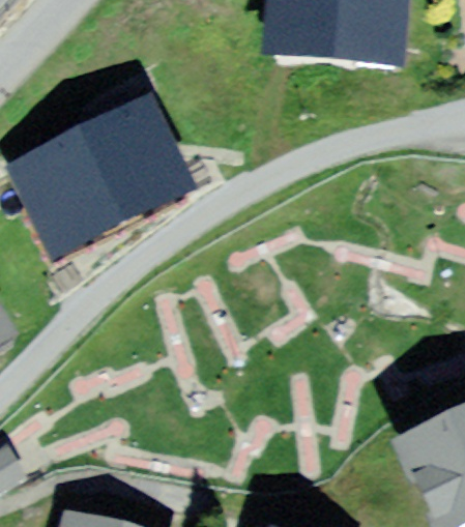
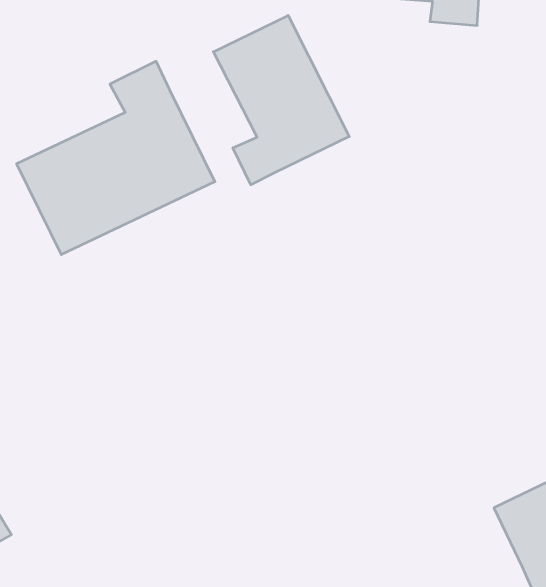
building: none -> [213,15,349,185]

